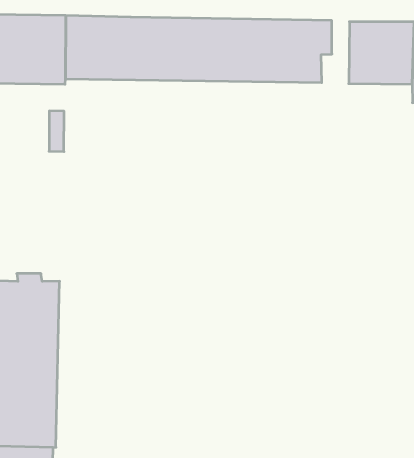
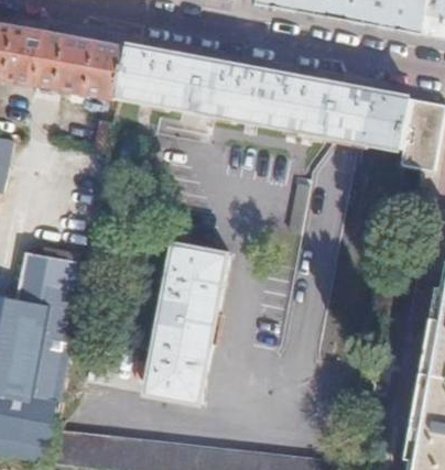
building: none -> [326,84,357,138]
building: none -> [148,242,226,401]

